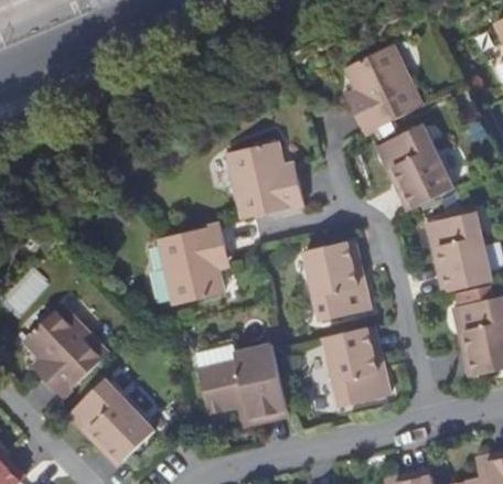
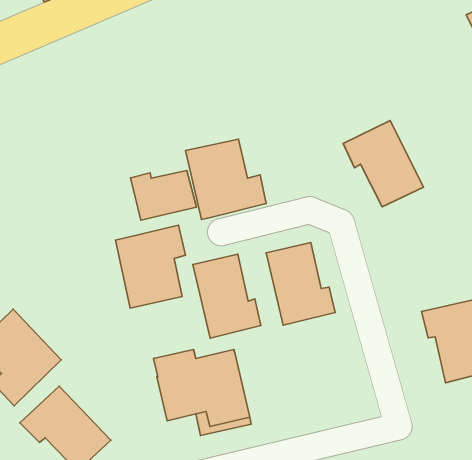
building: [345,46,420,133] -> none
building: none -> [130,170,196,220]
building: [425,212,492,291] -> none
building: [323,327,388,408] -> [193,254,261,338]

